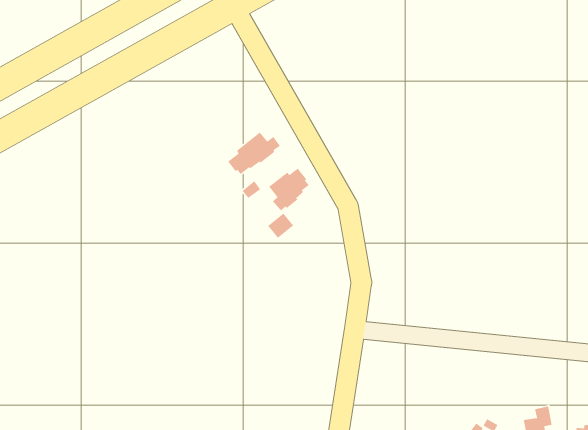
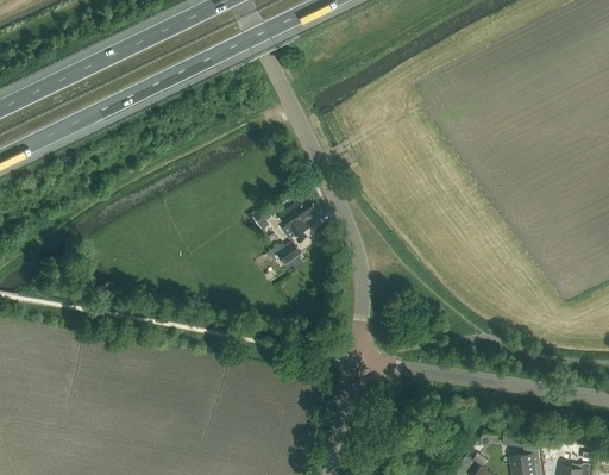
building: [227,131,281,175] -> none

